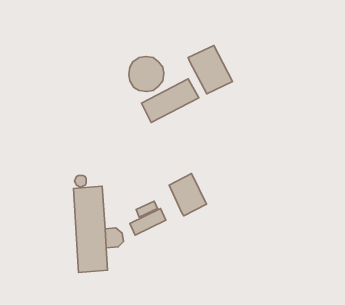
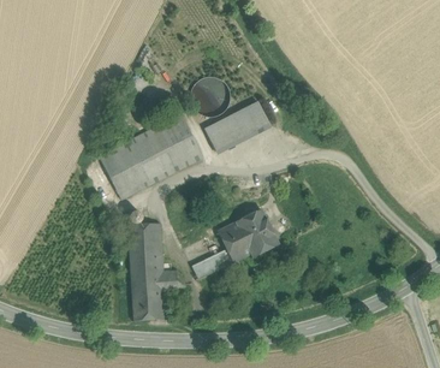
building: [188,45,232,94] -> none
building: none -> [99,113,202,198]
building: none -> [218,221,250,261]

